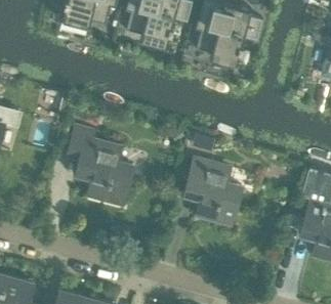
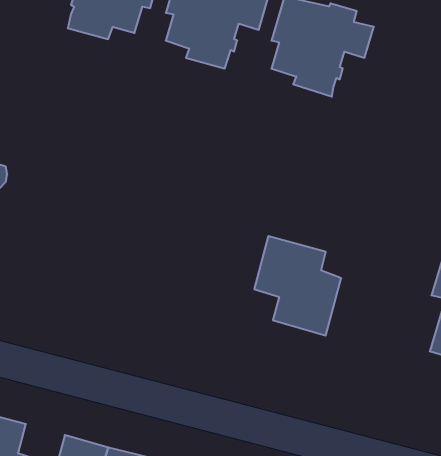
building: [67,126,131,203] -> none

